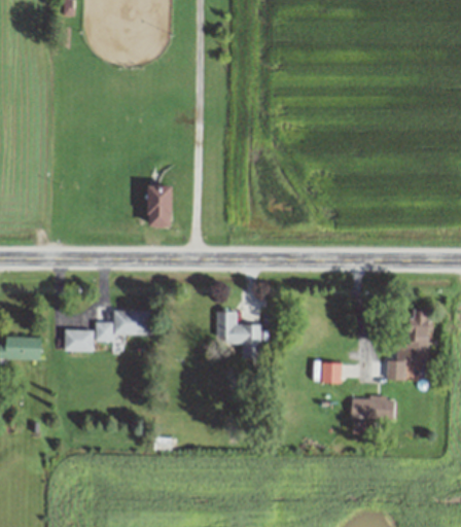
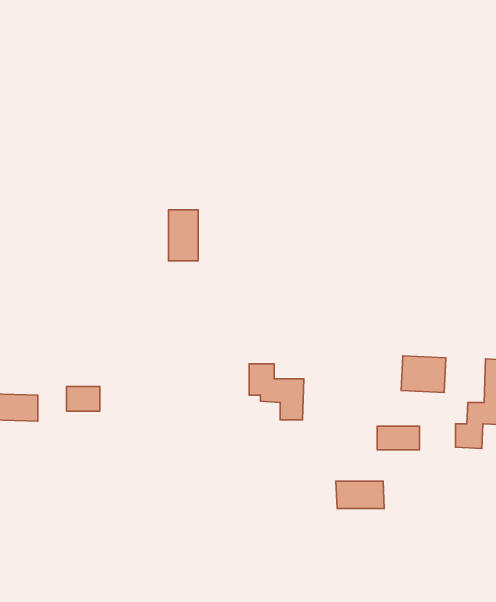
building: none -> [401,356,446,392]
building: [95,310,151,353] -> none
building: [350,396,390,419] -> [336,481,384,509]

